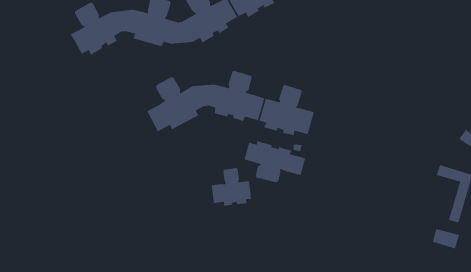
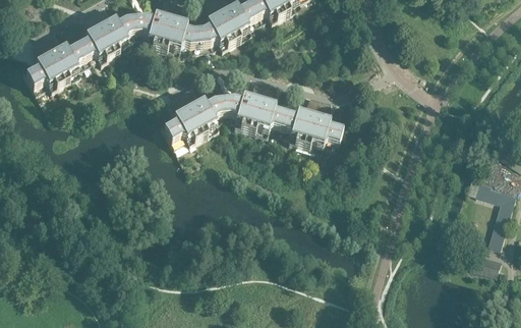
building: none -> [24,31,93,92]
building: [243,140,306,183] -> none
building: [211,167,252,206] -> none

